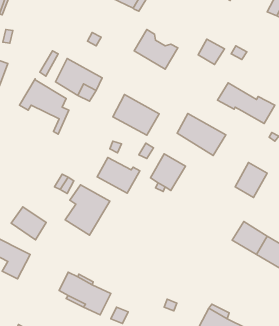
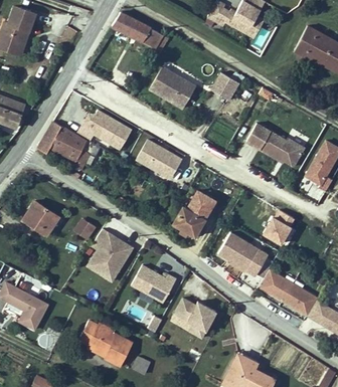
building: [177,114,226,155] -> [218,232,269,275]
building: [97,157,140,193] -> [132,266,176,304]
building: [11,207,46,240] -> [23,201,59,235]
building: none -> [176,300,216,339]

